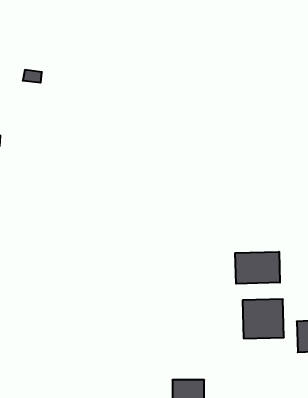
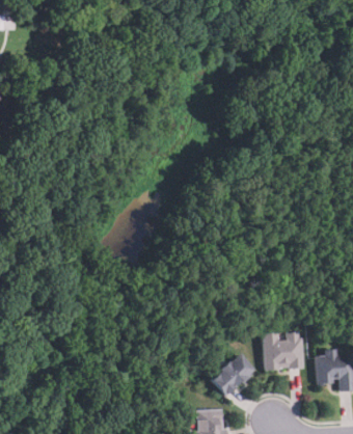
building: [235,252,280,284] -> none
building: none -> [207,354,251,398]

